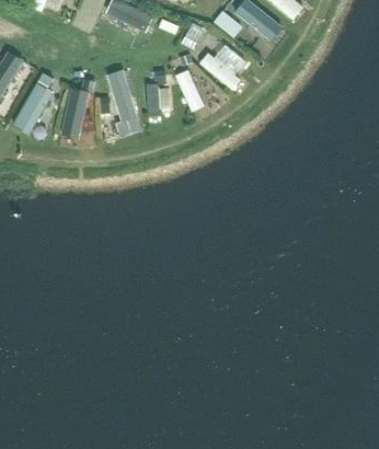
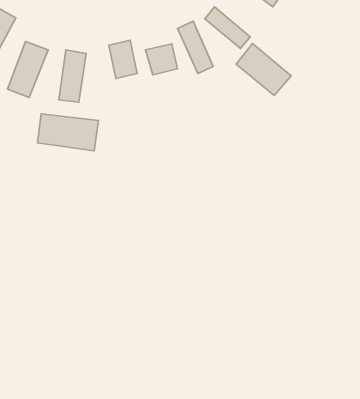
building: none -> [236,43,291,95]
building: none -> [37,114,99,151]

